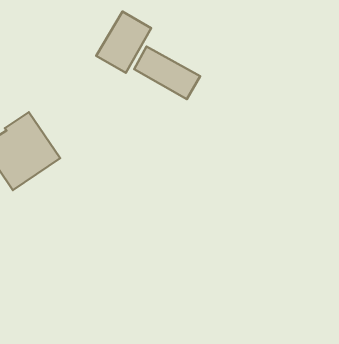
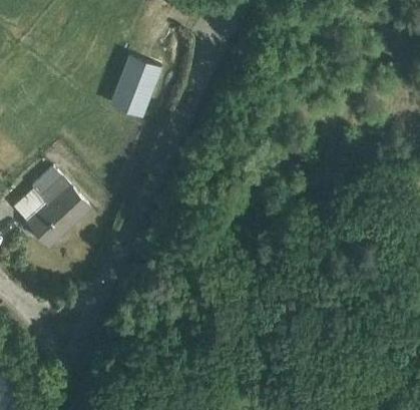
building: [134,46,200,99] -> none

